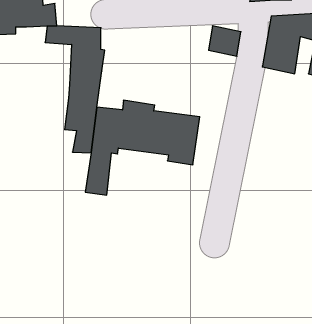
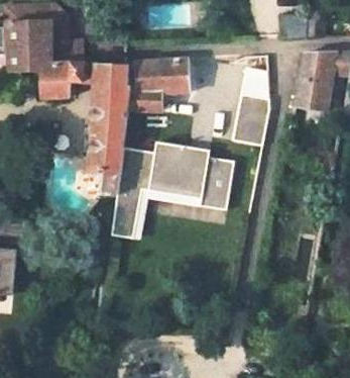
building: none -> [127,60,191,111]
building: none -> [39,64,72,98]
building: none -> [229,89,267,141]

